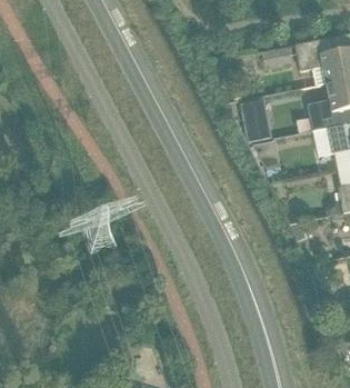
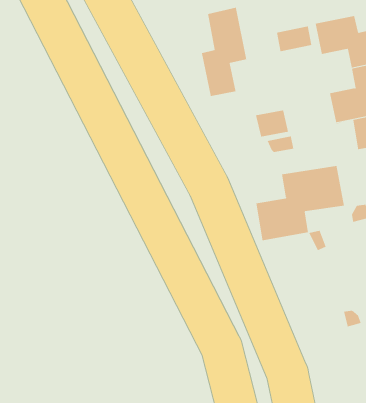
building: none -> [197,7,247,97]
building: none -> [256,165,344,241]

